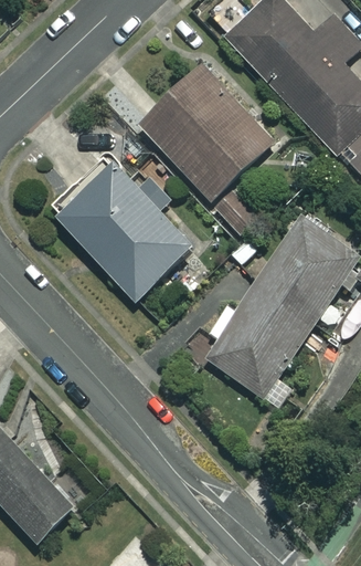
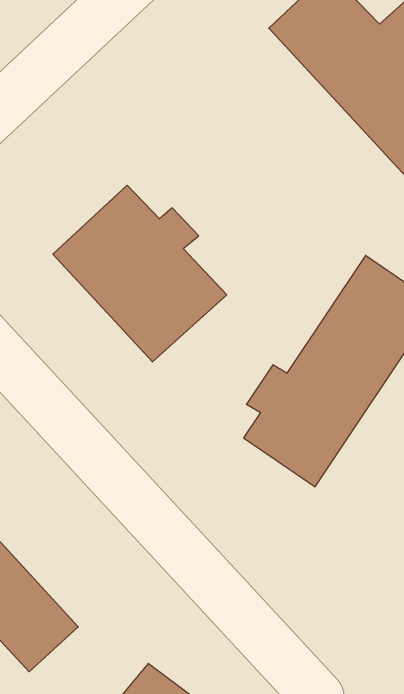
building: [138,64,273,200] -> none

